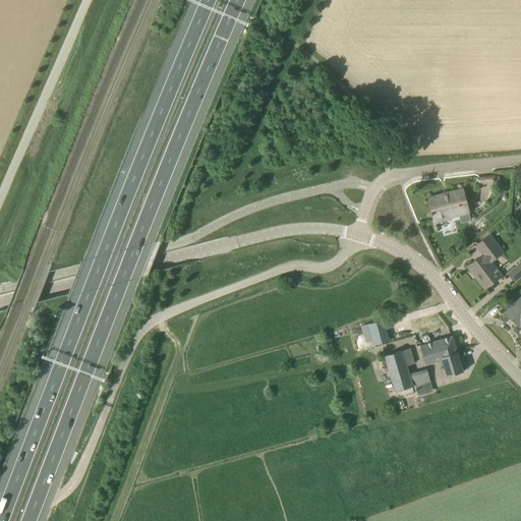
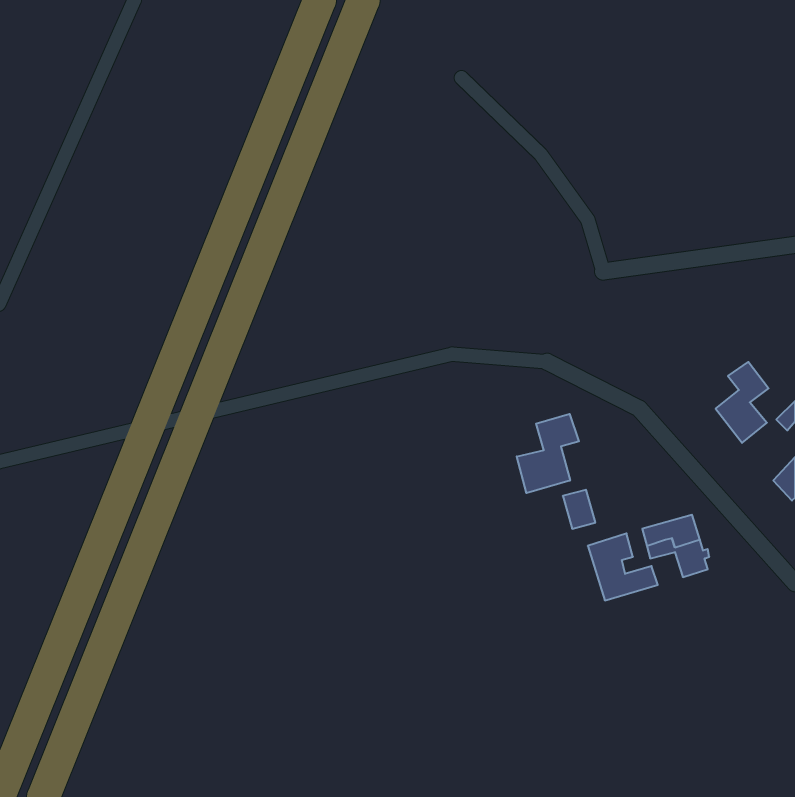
building: [428,189,471,221] -> none
building: none -> [517,414,579,493]

